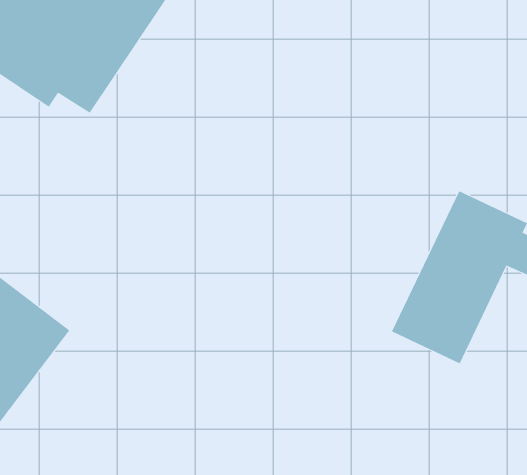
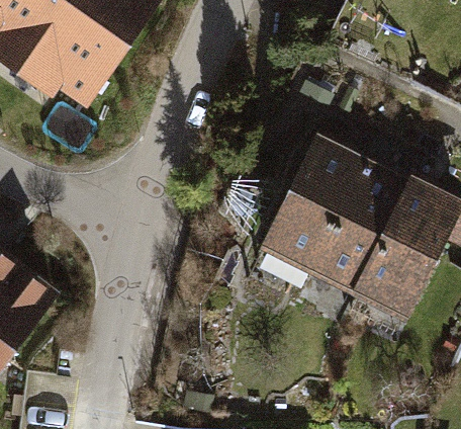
building: none -> [249,119,400,293]

